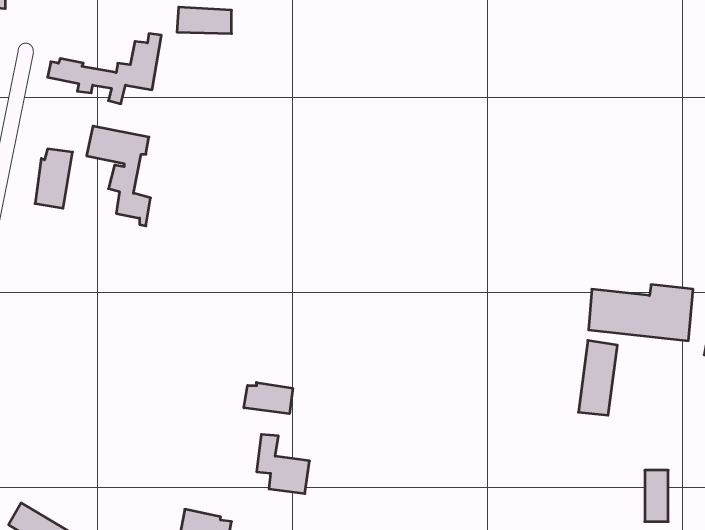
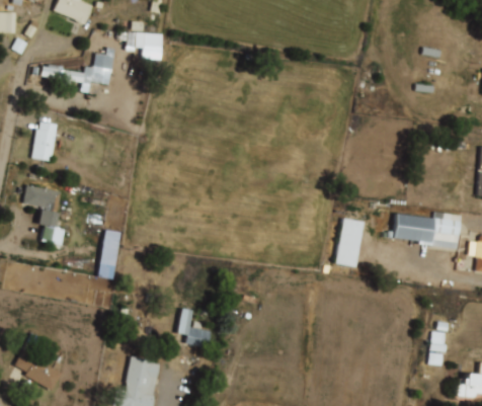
building: [87,126,151,226] -> [23,184,65,249]
building: none -> [101,227,119,261]
building: [578,340,617,415] -> [335,217,360,265]
building: [244,382,293,414] -> none

